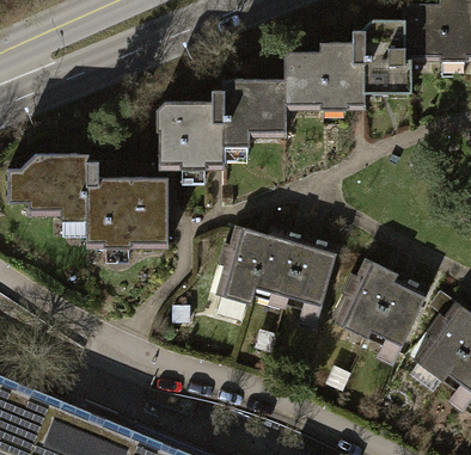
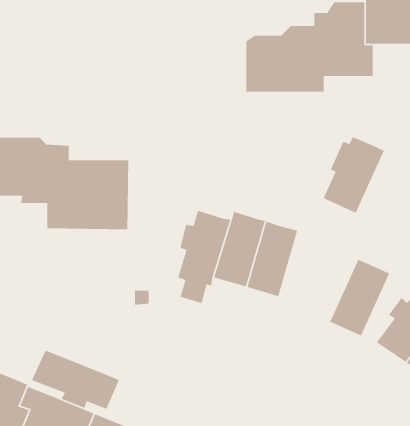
building: [154,79,286,171] -> none
building: [334,262,396,339] -> [323,136,385,214]
building: none -> [31,350,120,410]

